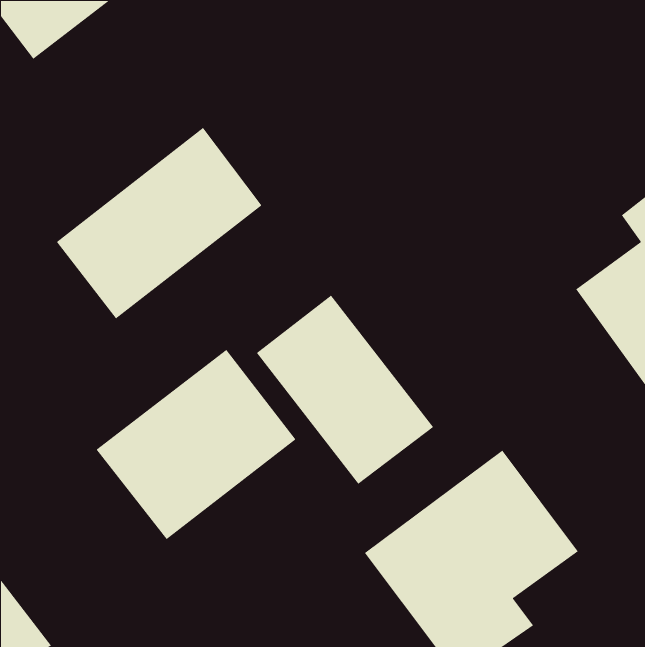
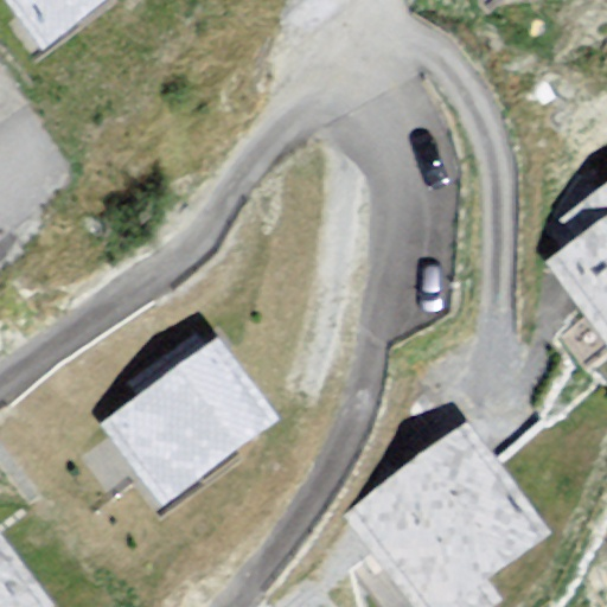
building: [56,127,263,319] -> none
building: [256,295,434,485] -> none

